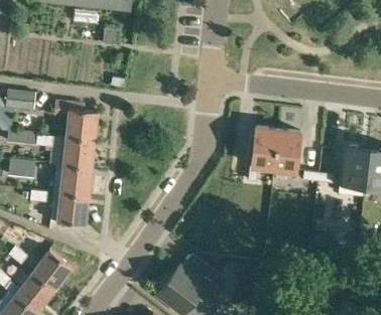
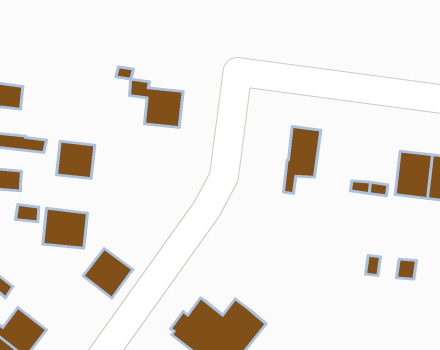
building: [53,102,97,141] -> [130,79,183,128]
building: [272,129,299,170] -> none
building: [54,165,91,196] -> none
building: [31,251,72,291] -> [83,248,133,298]

